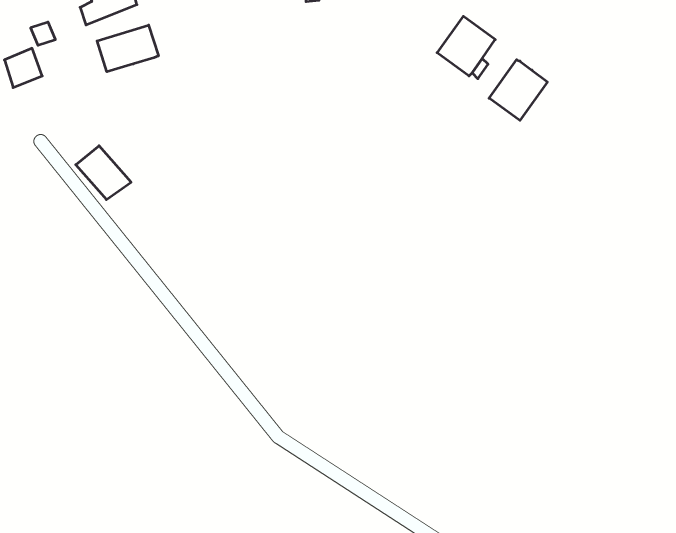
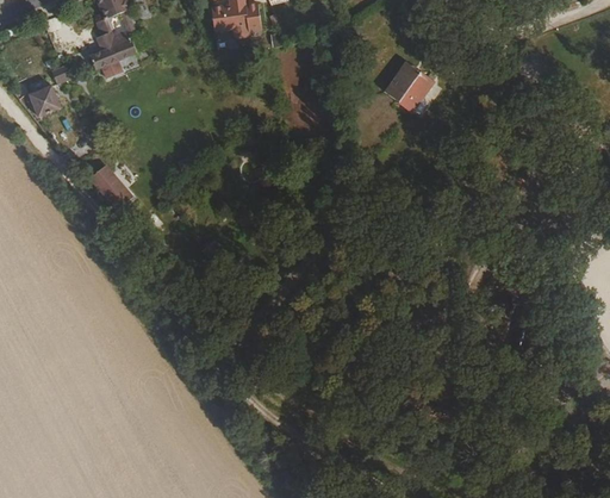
building: [97,25,158,72] -> none
building: [489,60,547,120] -> none

